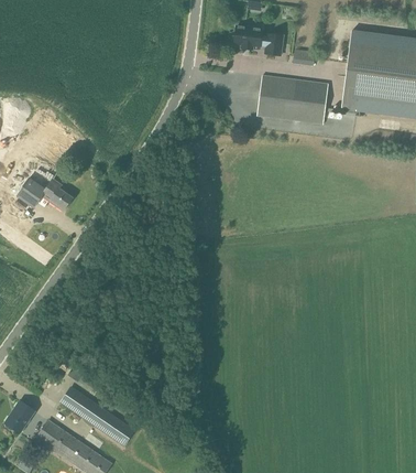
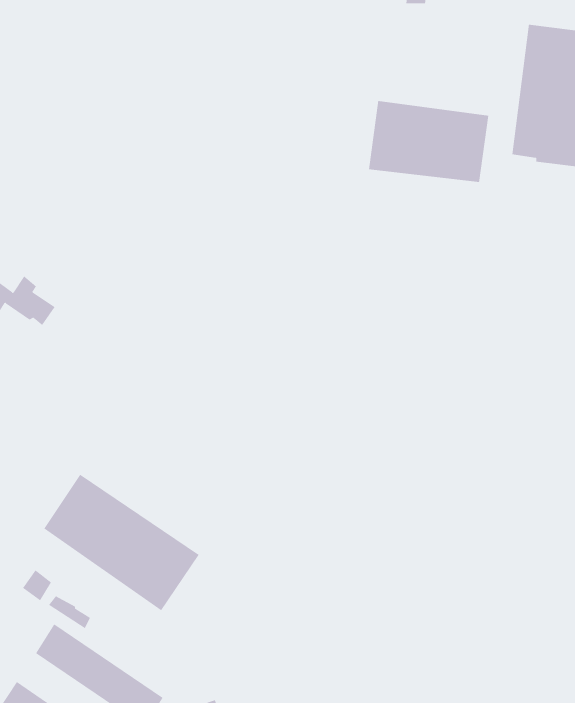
building: [232,25,284,55] -> none
building: none -> [44,474,199,611]

